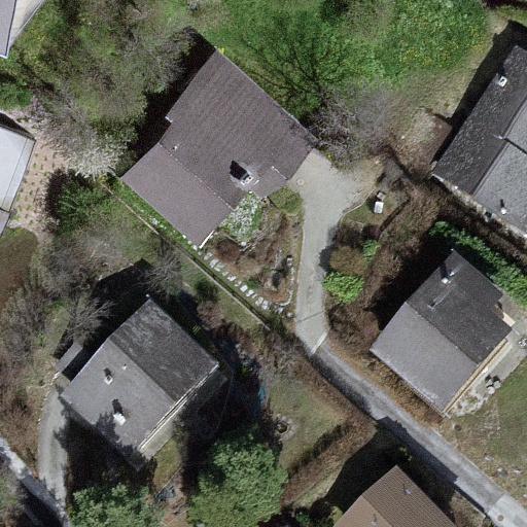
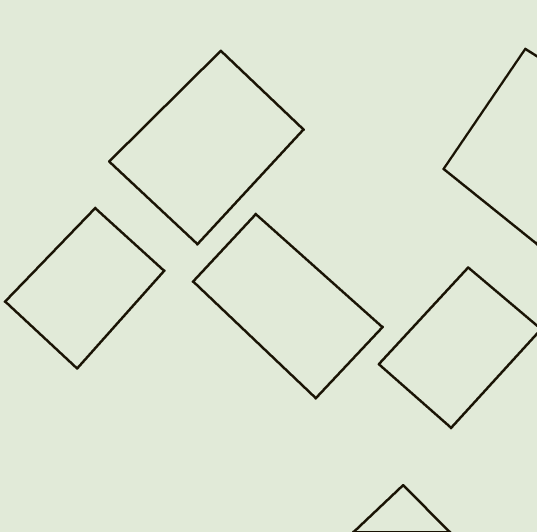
building: none -> [193,214,383,398]
building: [61,307,215,462] -> [5,208,164,368]

